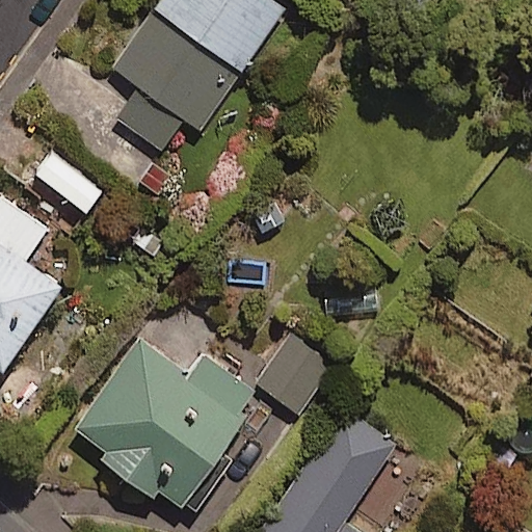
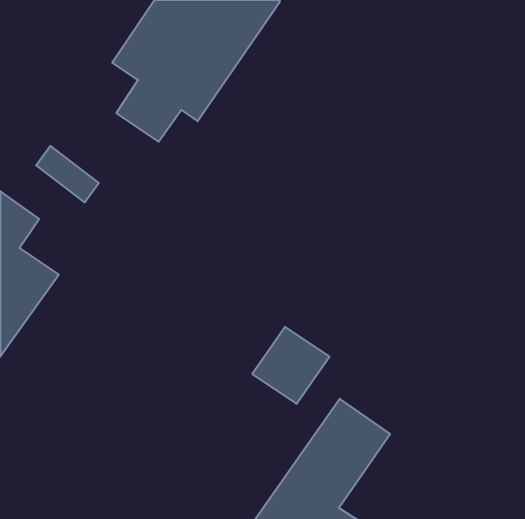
building: [72,339,258,509] -> none

